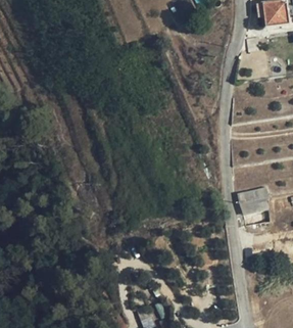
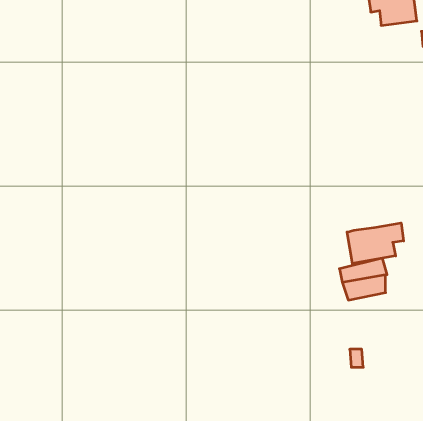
building: none -> [347,223,404,264]

